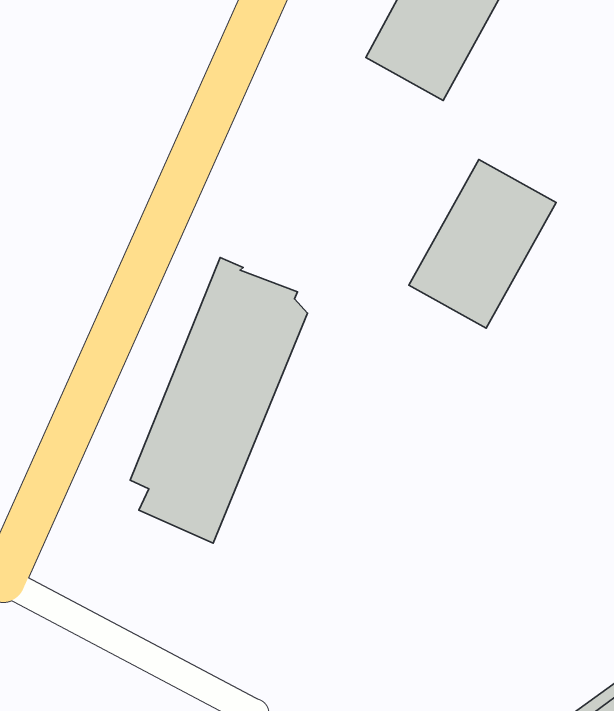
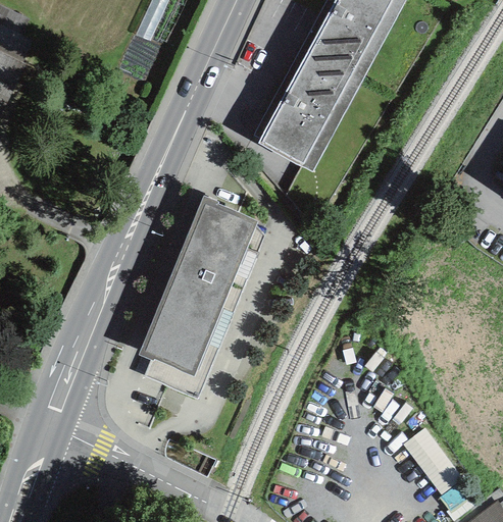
building: [409,160,556,328] -> [255,53,360,173]
building: none -> [404,422,461,486]

